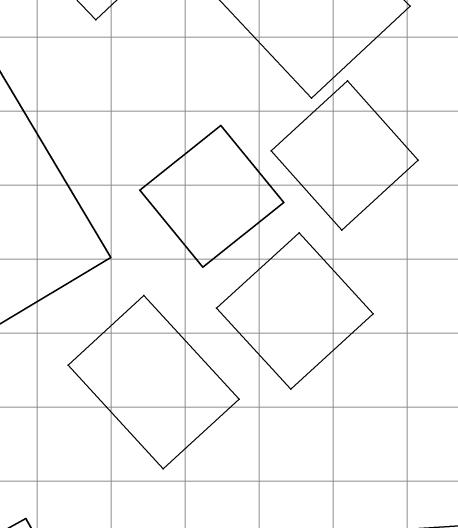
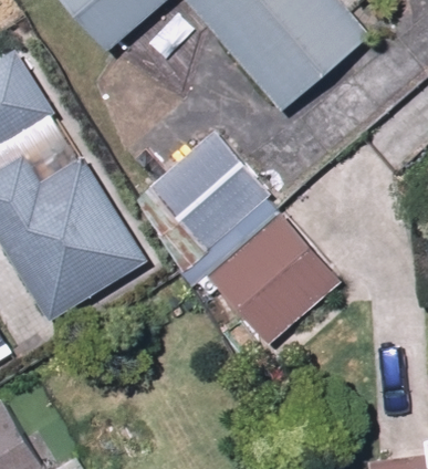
building: [271,81,418,230] -> none
building: [68,295,239,469] -> none

